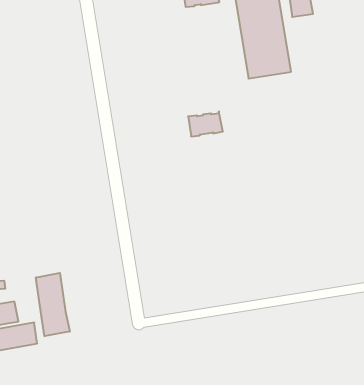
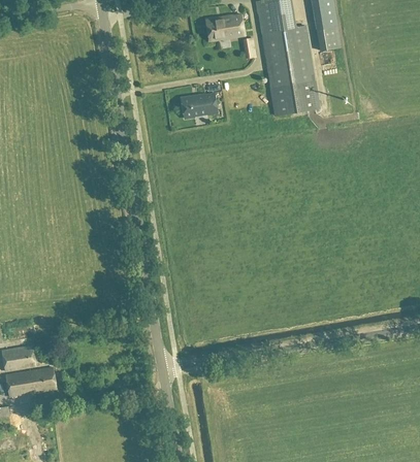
building: [188,111,223,136] -> [182,92,218,118]
building: [36,273,70,336] -> none

